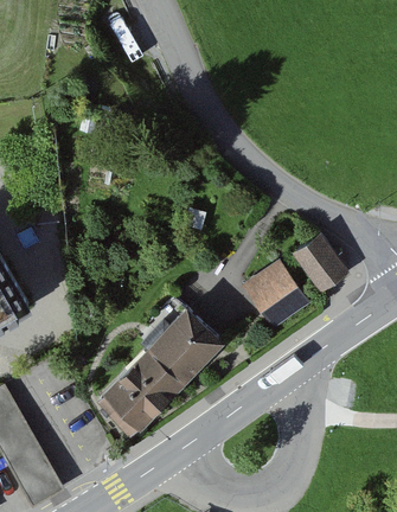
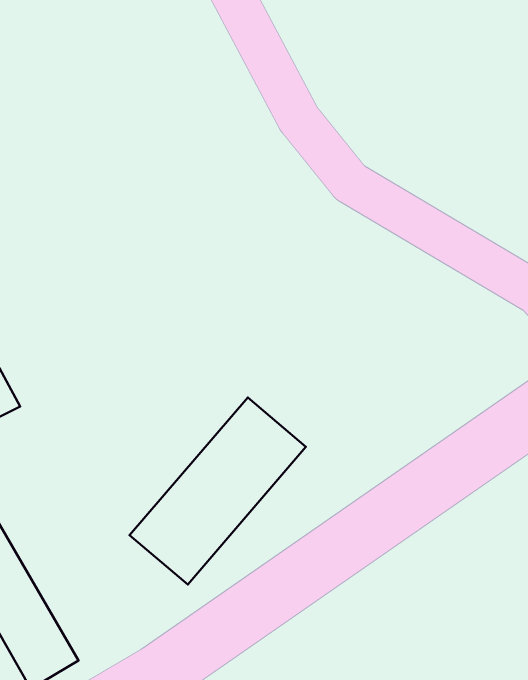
building: [294,237,346,292] -> none
building: [245,261,295,309] -> none

